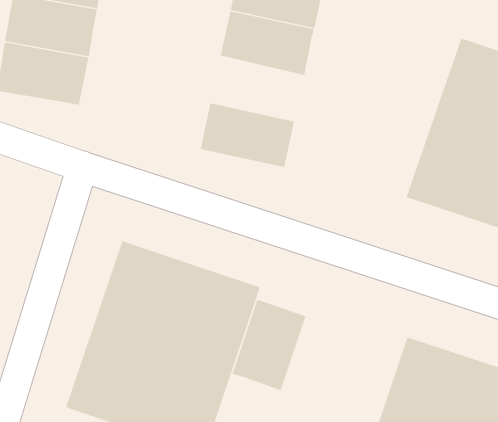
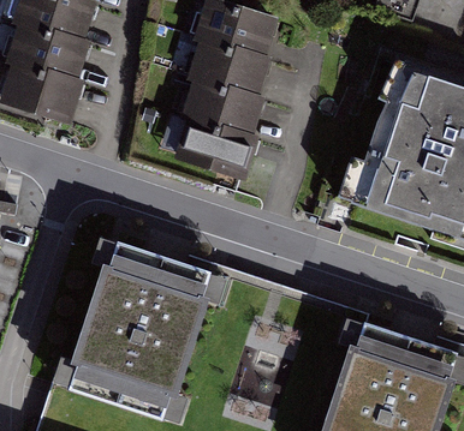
building: none -> [180,79,261,134]
building: [232,299,306,391] -> none

